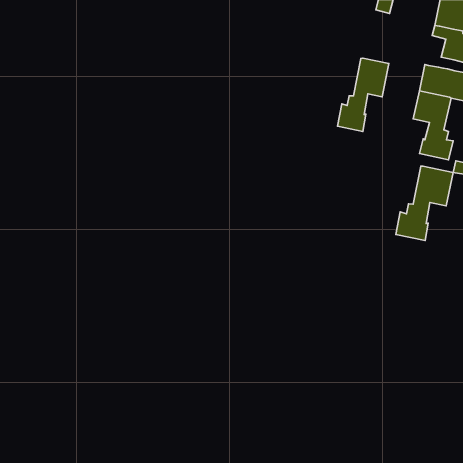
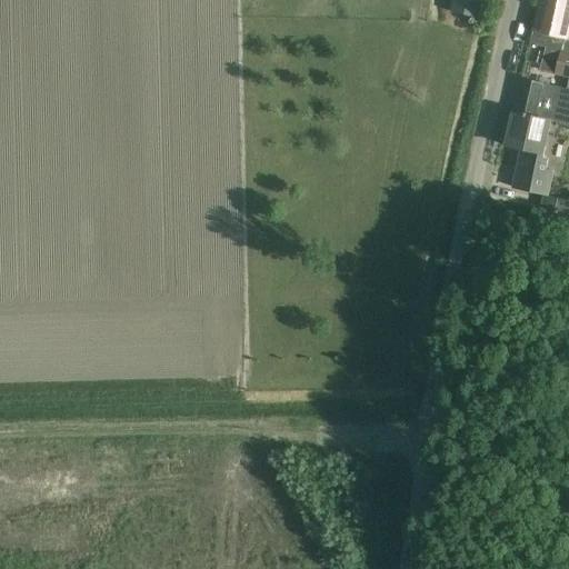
building: [337,58,389,131] -> none
building: [396,166,453,241] -> none

